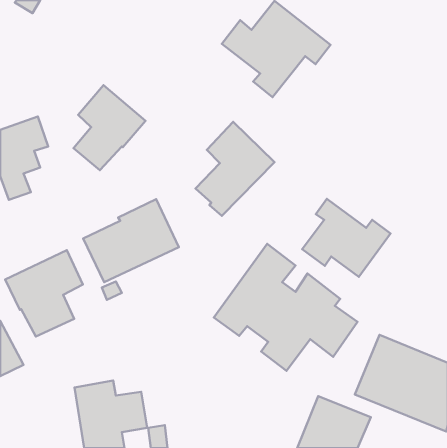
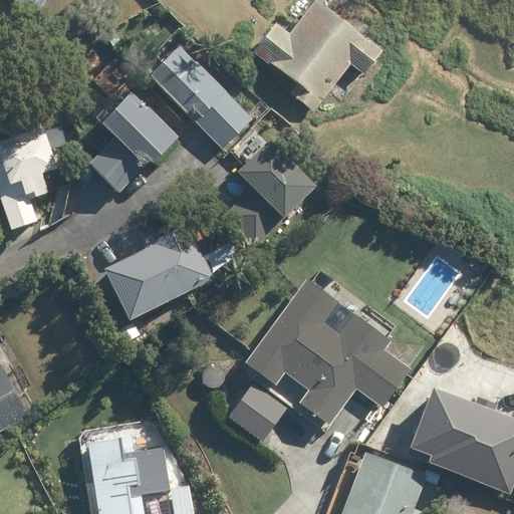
building: none -> [151,47,252,149]
building: [302,199,391,277] -> none
building: [5,250,83,337] -> none
building: none -> [229,382,288,441]

